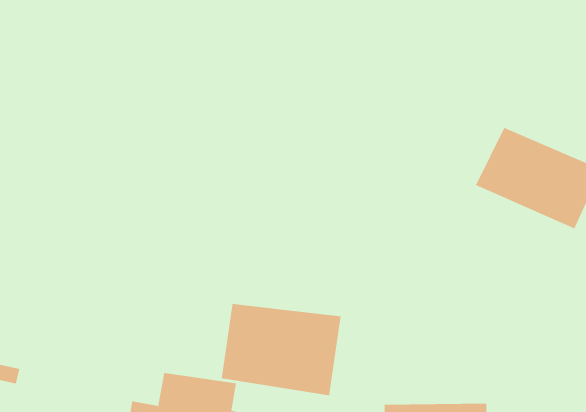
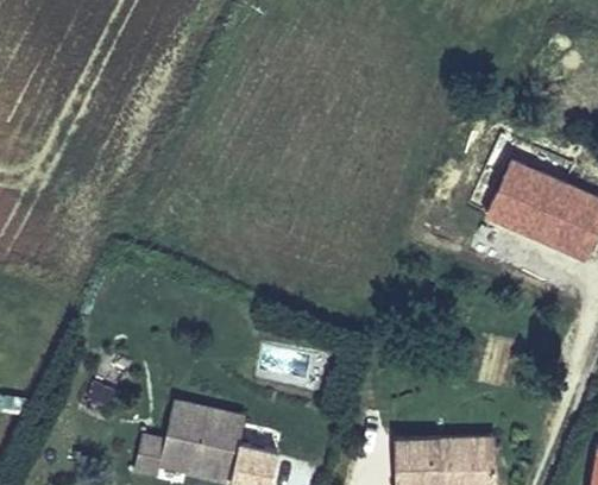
building: [221,303,341,396] -> none

